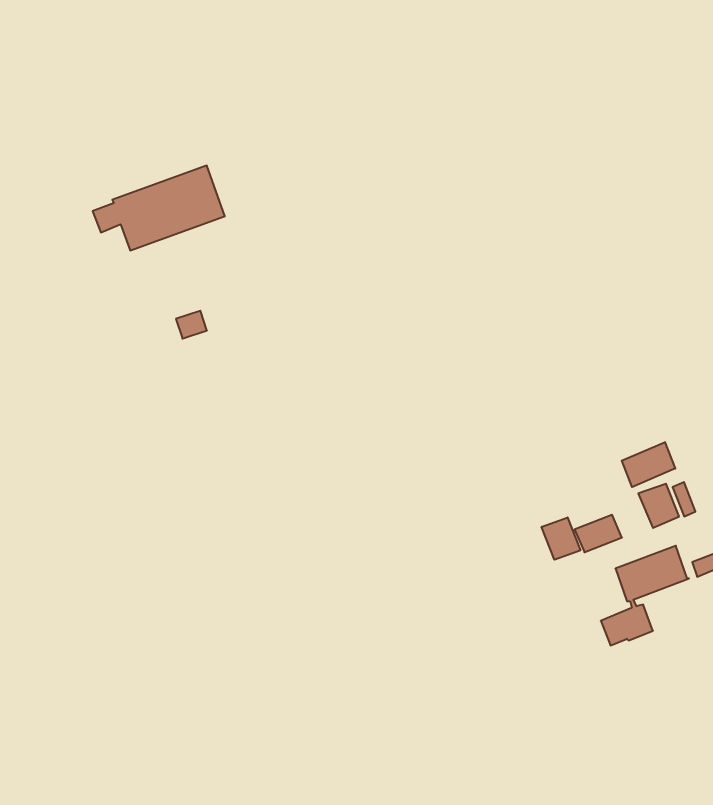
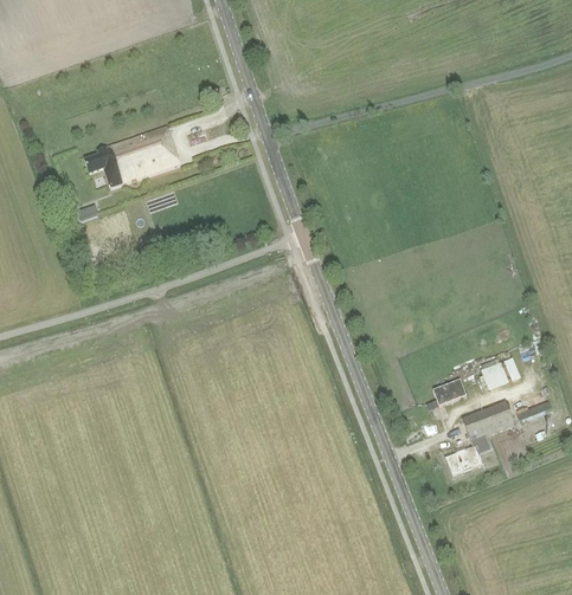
building: [622,442,675,487] -> none
building: [542,517,580,560] -> none

